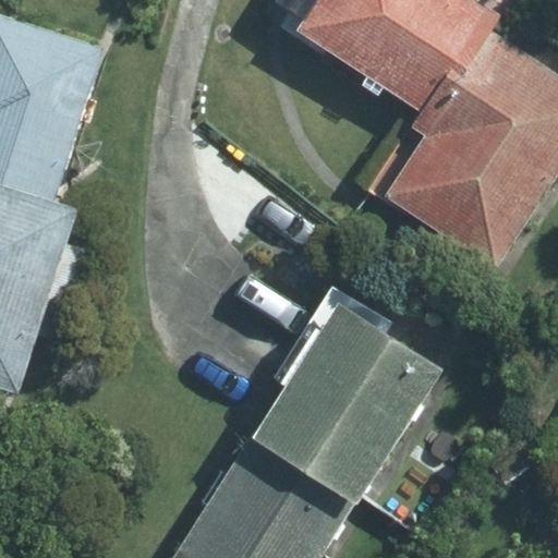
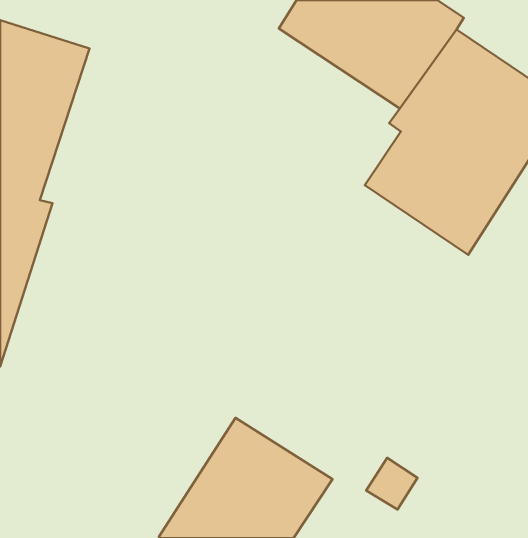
building: [254,308,434,496] -> none

